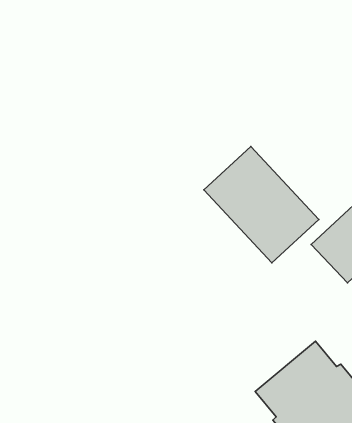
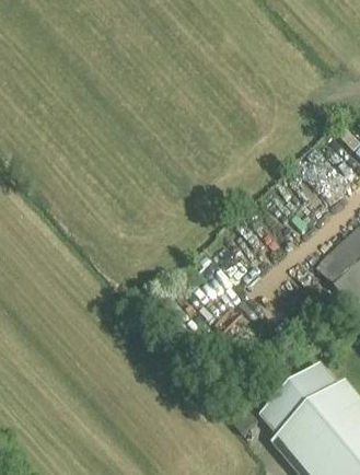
building: [204,147,319,263] -> none

